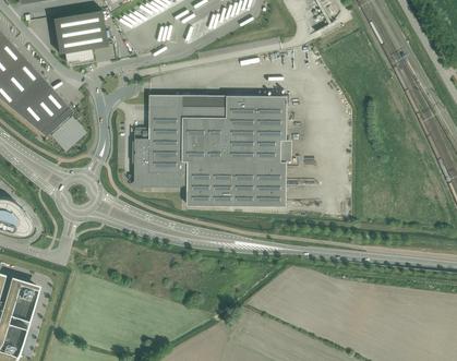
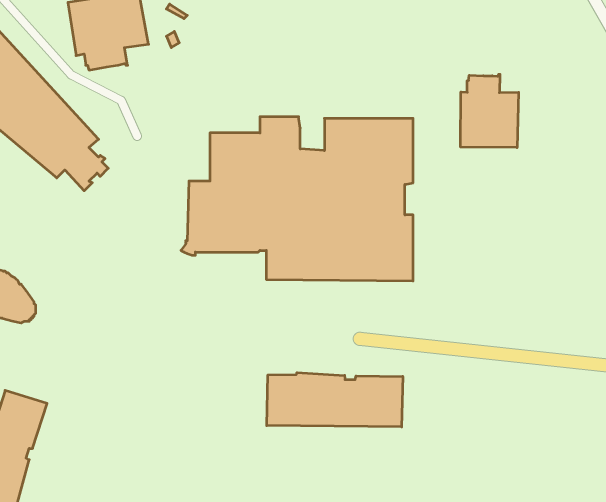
building: none -> [461,74,519,148]
building: none -> [267,373,403,427]

